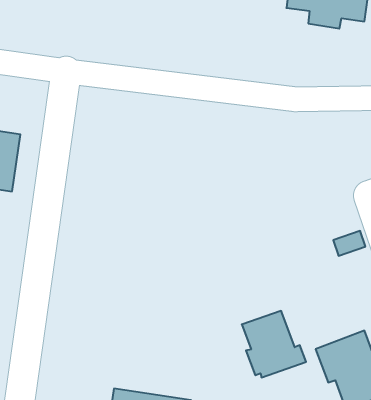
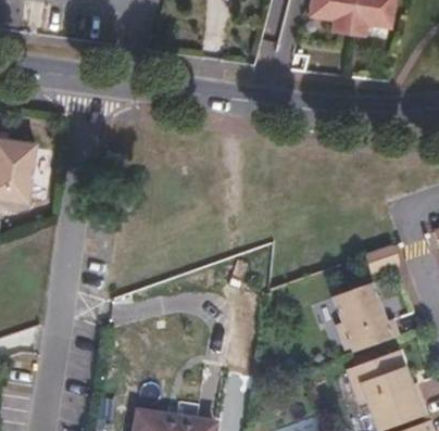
building: [242,311,306,377] -> [330,282,398,352]

